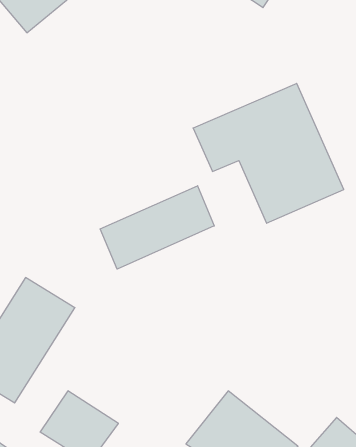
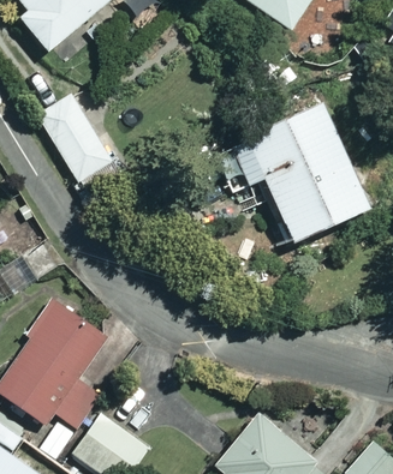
building: none -> [38,94,117,187]
building: [100,186,214,269] -> none

